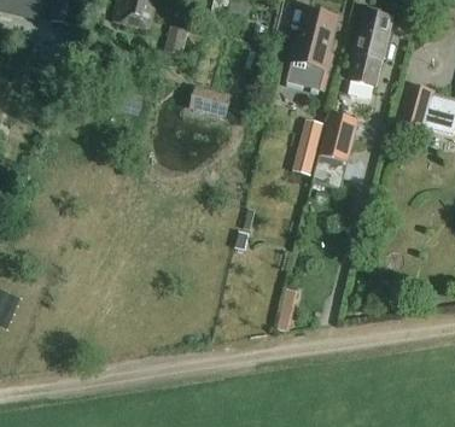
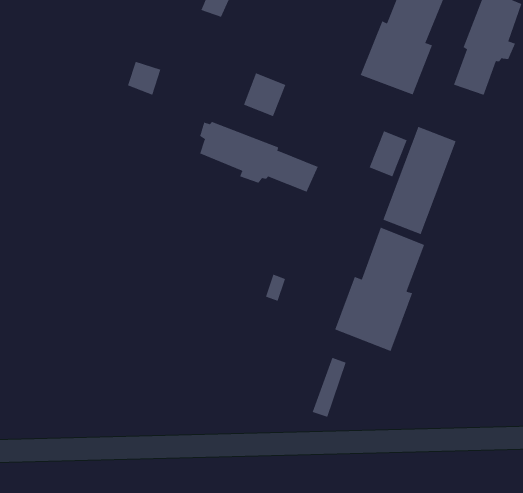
building: none -> [199,121,318,193]
building: none -> [334,227,425,352]

